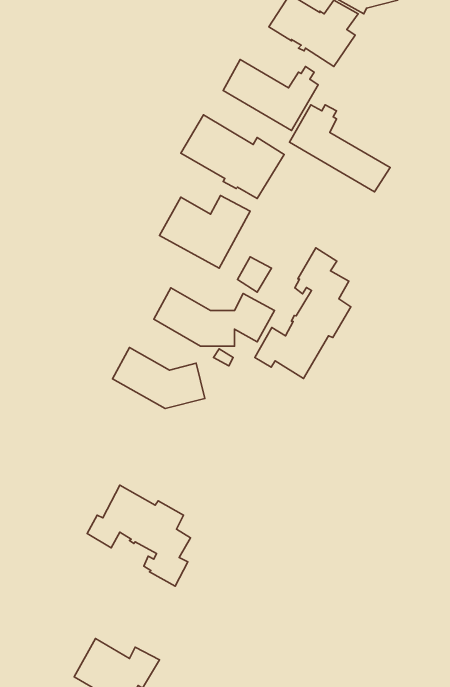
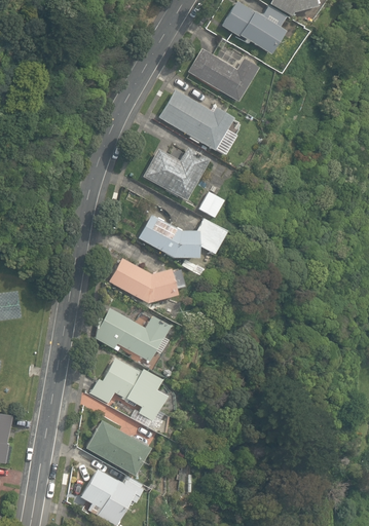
building: [289,105,390,192] -> none
building: [255,248,351,379] -> none
building: none -> [96,308,169,361]
building: none -> [85,420,148,475]

